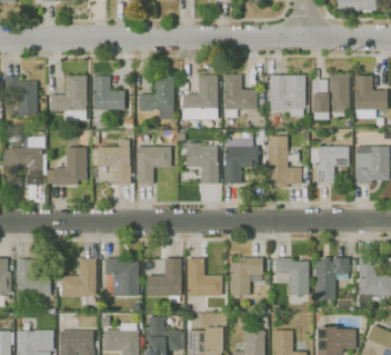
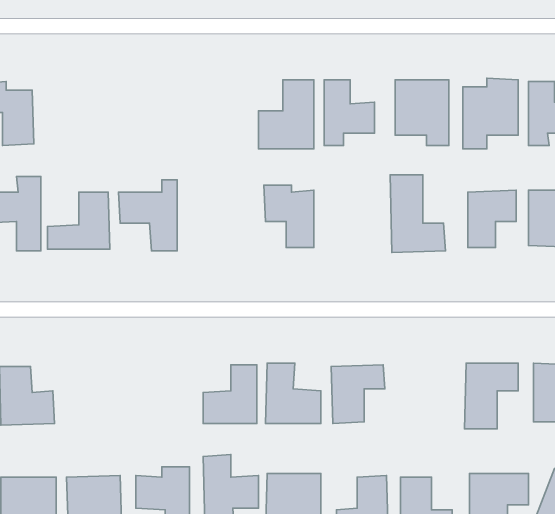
building: [51,75,87,120] -> none
building: [93,76,124,110] -> none
building: [138,76,174,119] -> none
building: [224,139,258,184] -> none
building: [137,146,171,184] -> none
building: [61,258,97,296] -> none
building: [104,259,139,296] -> none
building: [275,259,309,295] -> none

